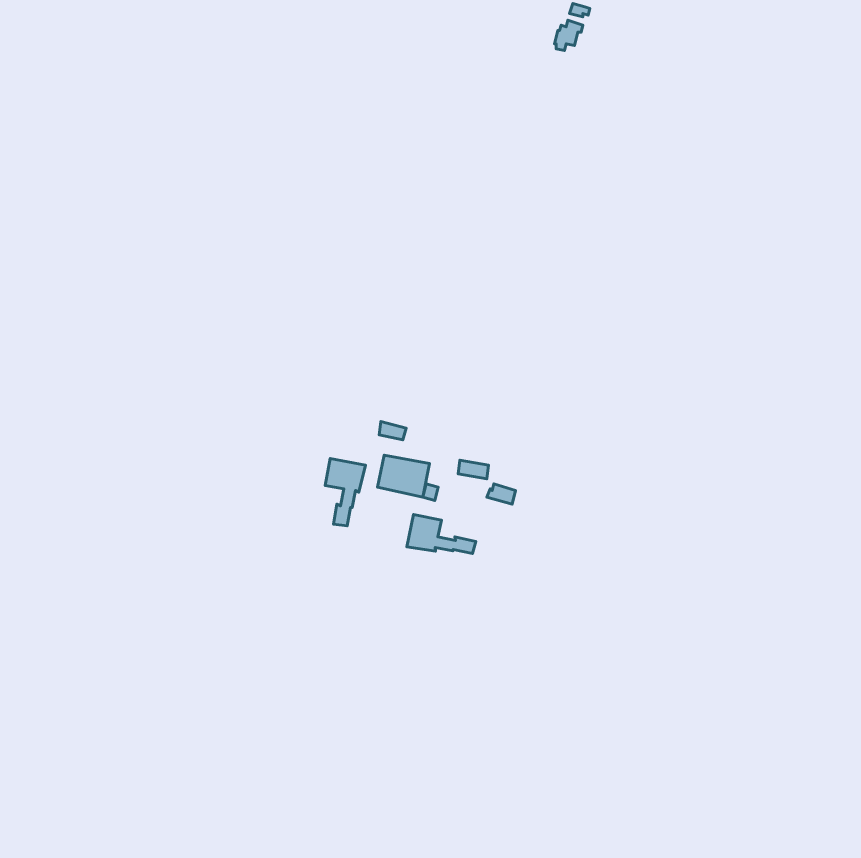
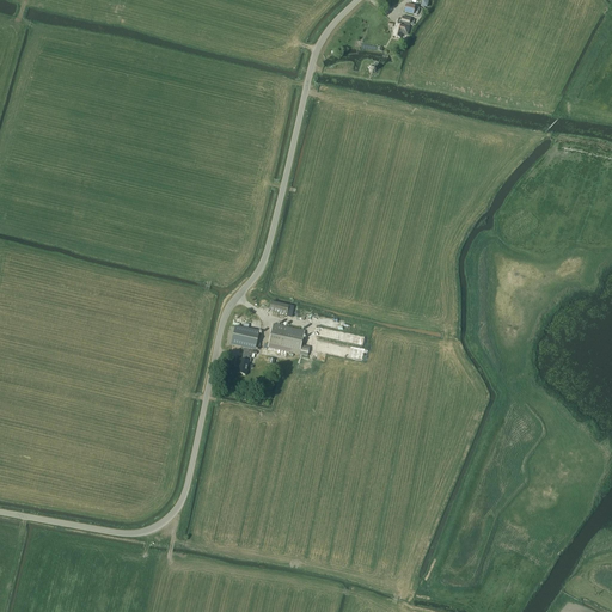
building: [407,514,476,553] -> none

